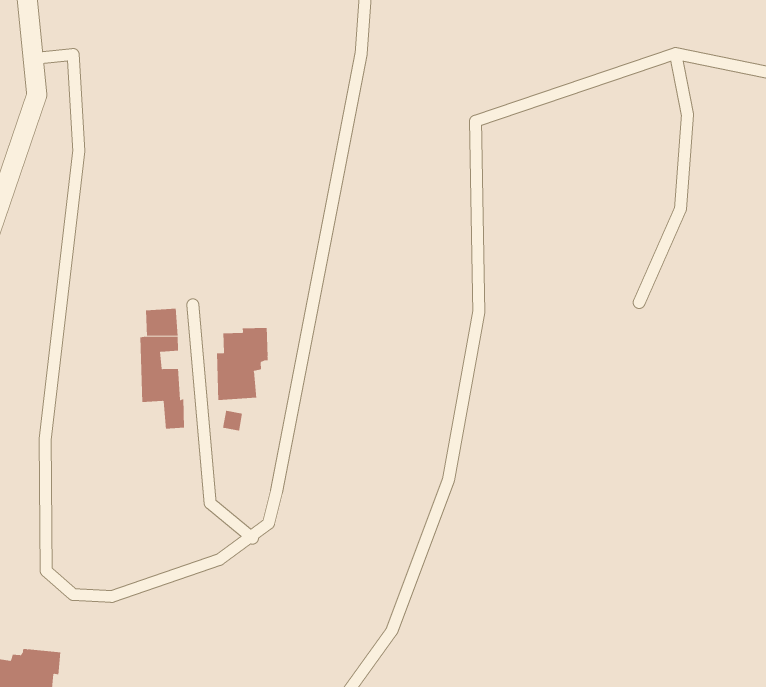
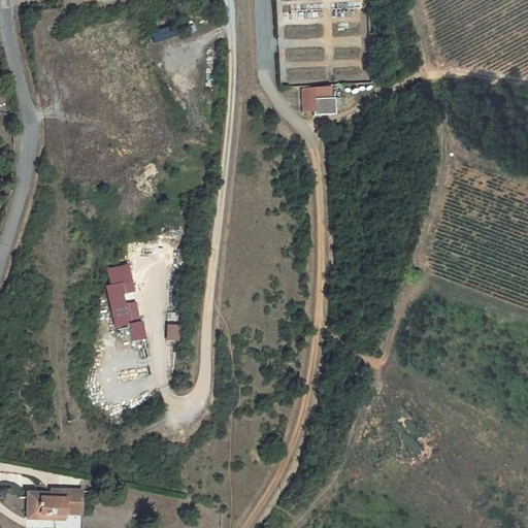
building: none -> [303,87,335,114]
building: [216,327,268,401] -> none

